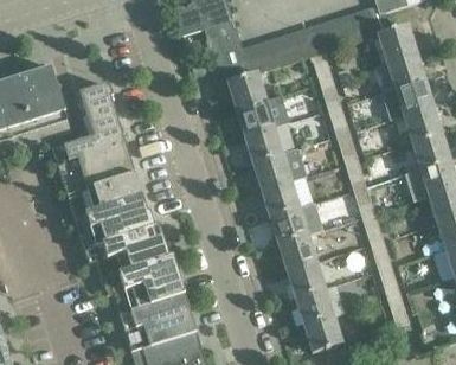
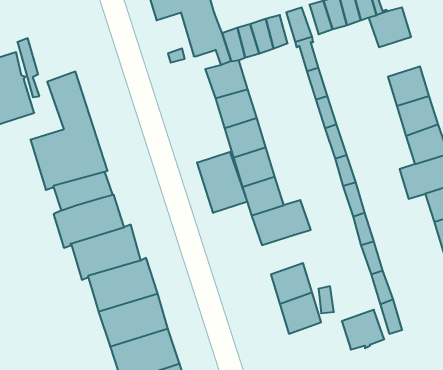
building: [386,50,424,87] -> none
building: none -> [197,152,247,213]
building: [278,232,316,269] -> none
building: [303,313,342,350] -> [342,310,384,350]

